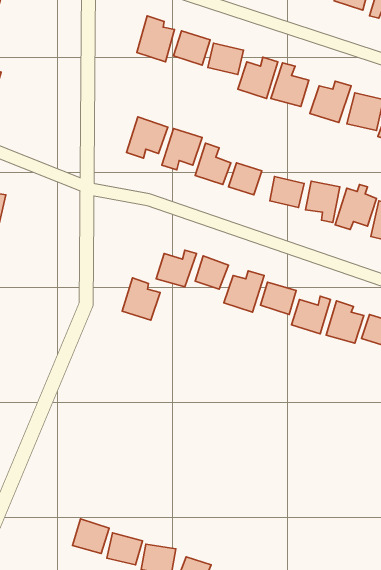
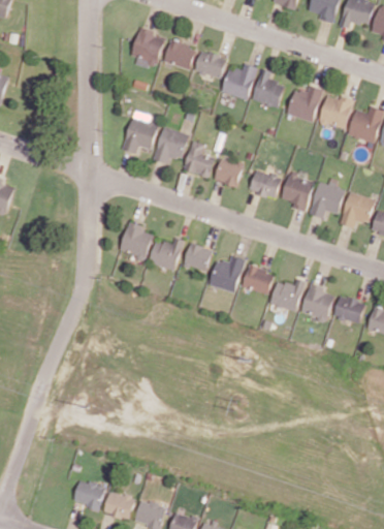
building: [122,278,160,320] -> [119,221,153,259]

